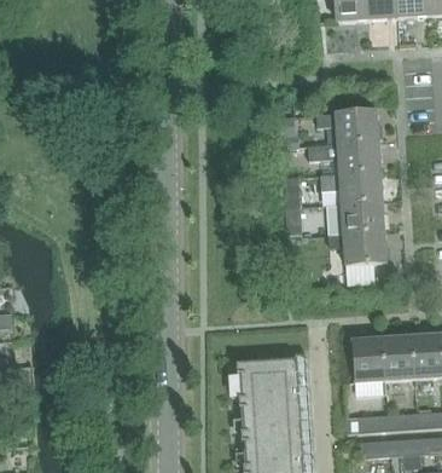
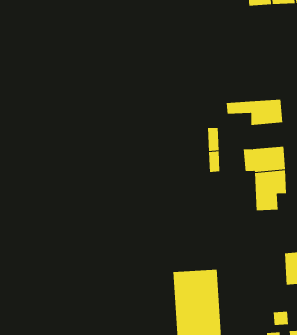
building: [315,110,378,143] -> none
building: [319,171,382,204] -> none
building: [351,339,384,382] -> none

